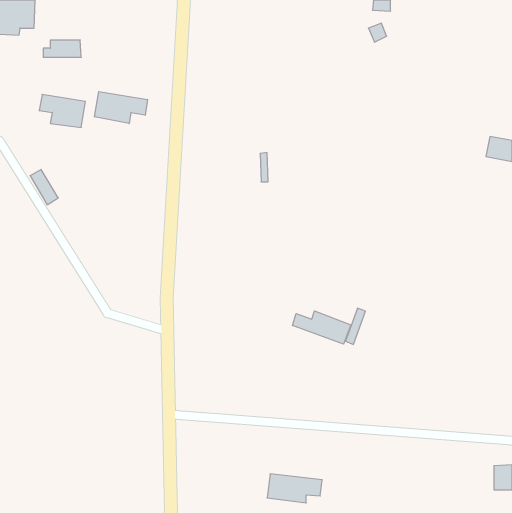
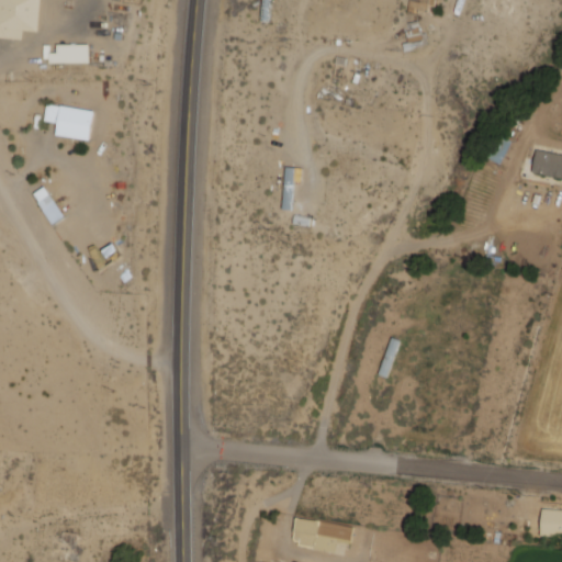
building: [95,92,147,124] -> none
building: [292,311,351,344] -> none

